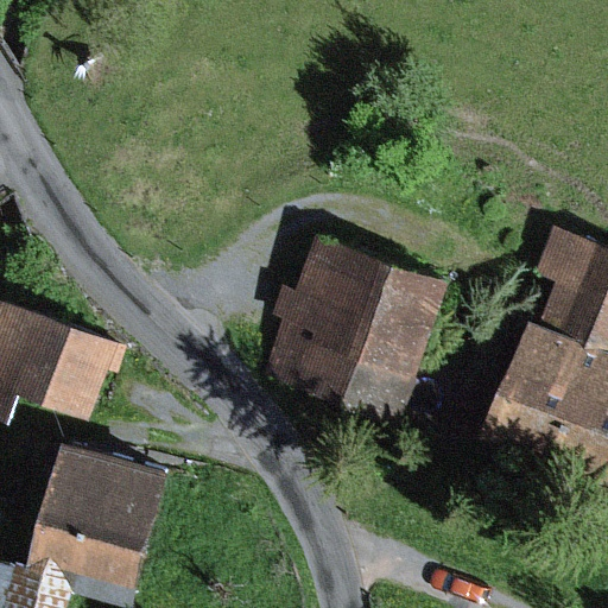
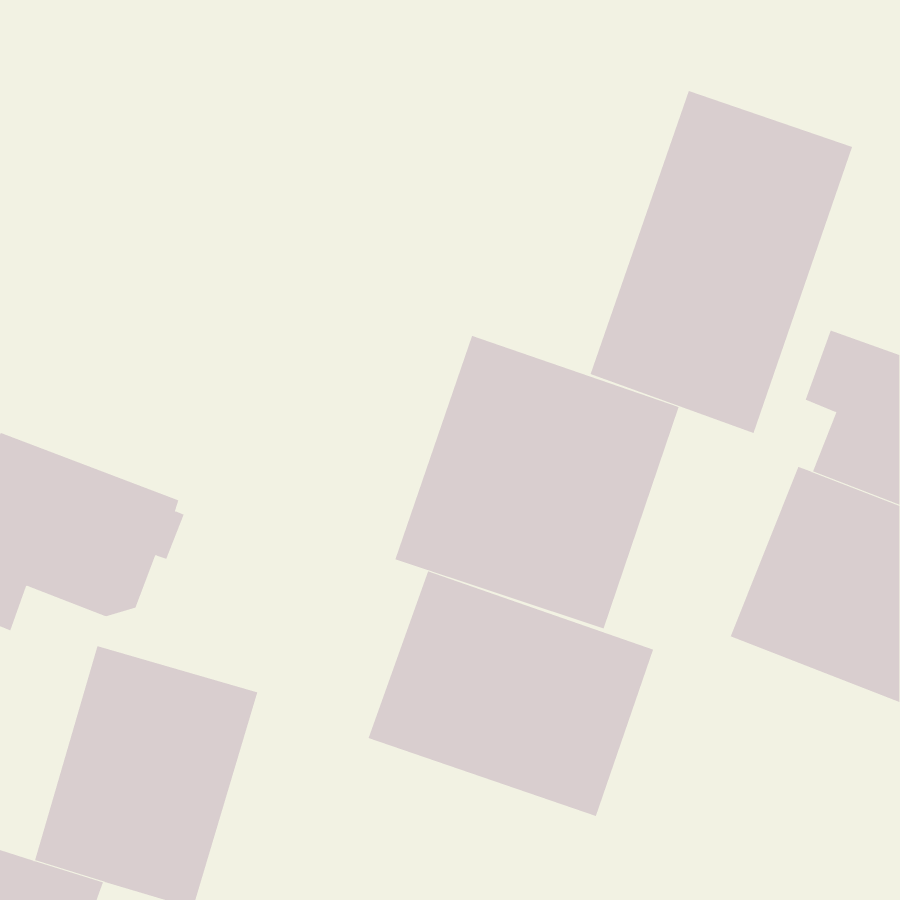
building: none -> [590,90,853,434]
building: none -> [368,571,654,817]

